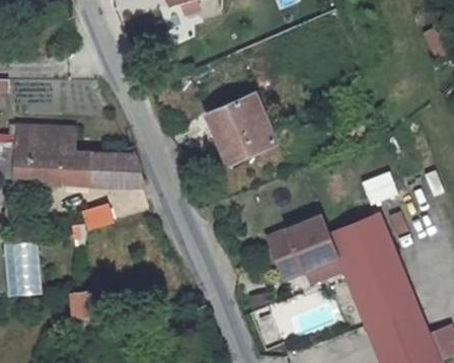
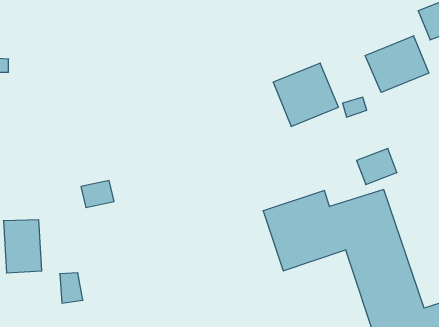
building: none -> [365,36,429,92]
building: [196,90,261,154] -> [273,63,338,126]
building: [16,132,140,197] -> none

